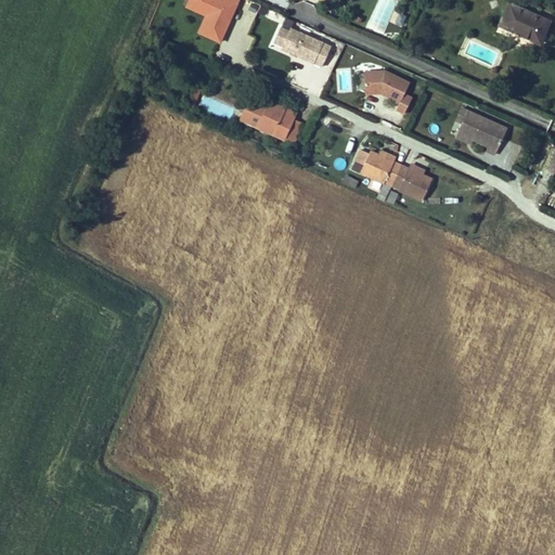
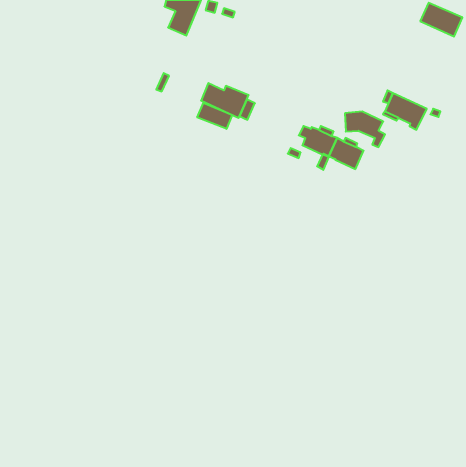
building: [281,27,331,66] -> none
building: [363,70,411,113] -> [345,111,385,147]
building: none -> [197,103,232,129]

